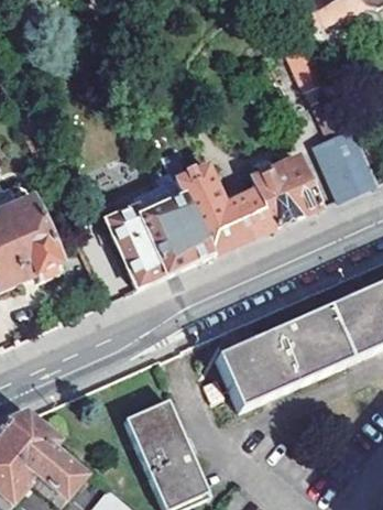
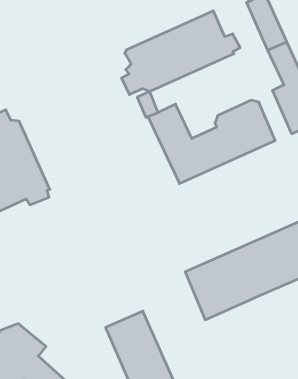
building: none -> [122,11,240,95]
building: [105,194,210,284] -> none

